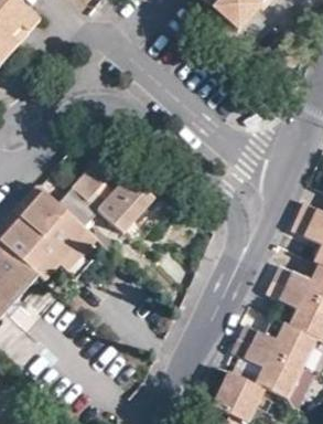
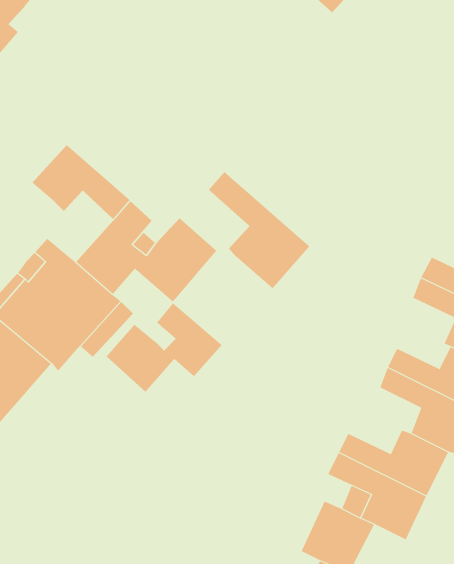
building: none -> [32,144,131,220]
building: none -> [208,171,310,289]
building: none -> [106,303,222,392]

